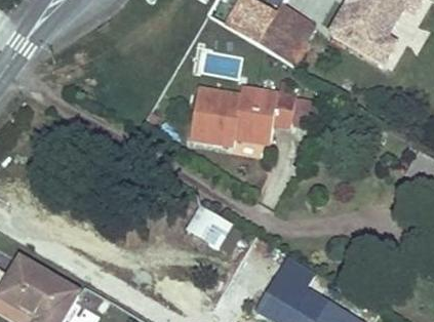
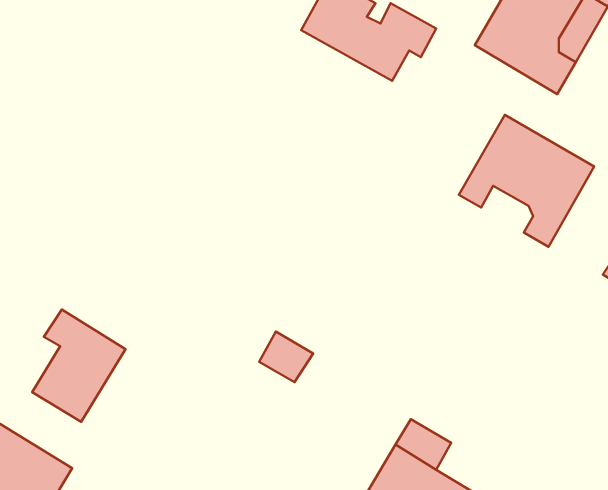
building: none -> [459,115,594,247]
building: [189,88,291,143] -> none
building: none -> [32,310,126,422]

